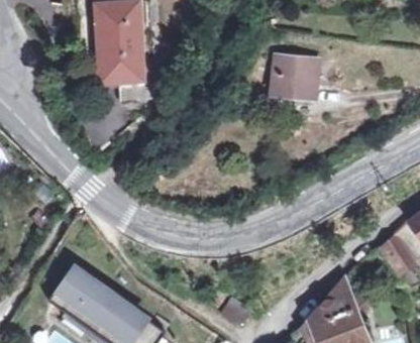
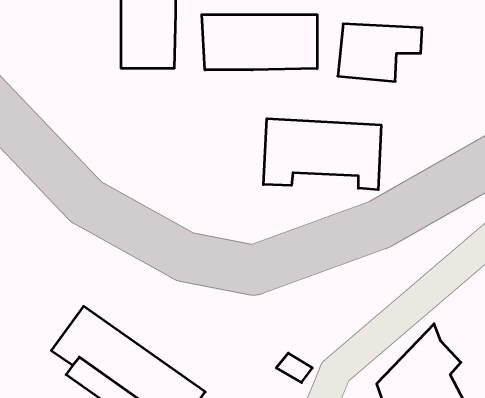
building: none -> [202,15,317,70]
building: none -> [263,119,381,190]

